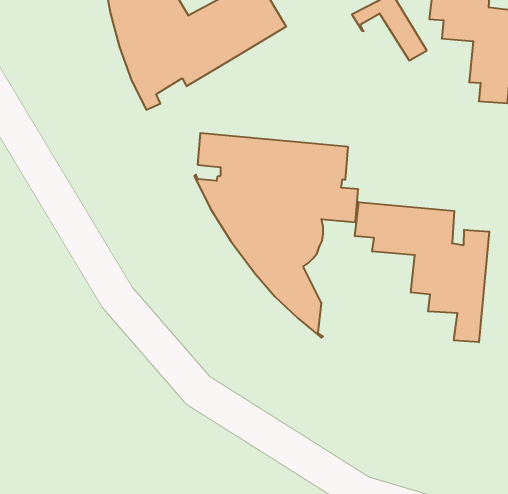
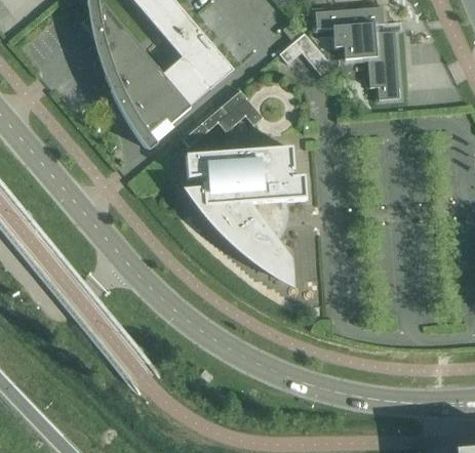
building: none -> [183,90,264,147]
building: [355,202,489,342] -> none

